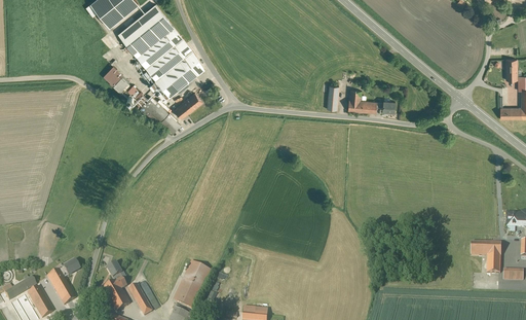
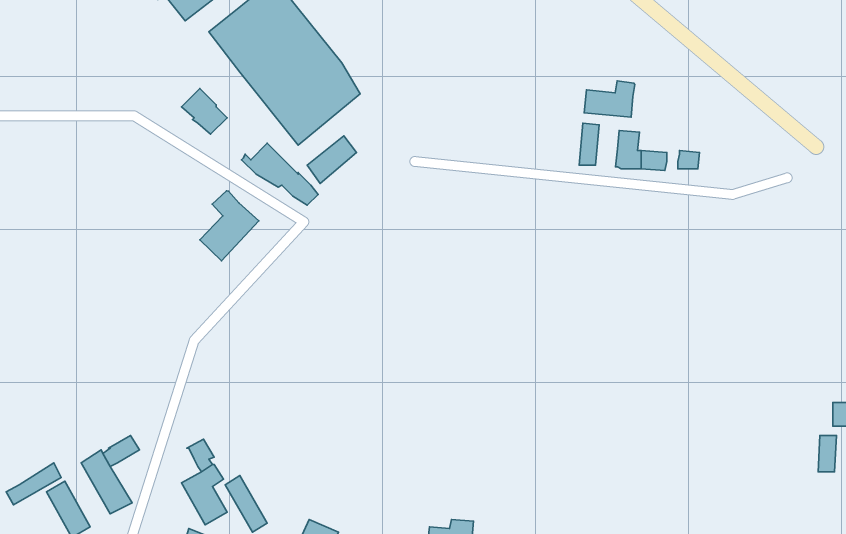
building: none -> [584,81,635,117]
building: none -> [200,191,259,261]
building: [175,260,212,308] -> none

